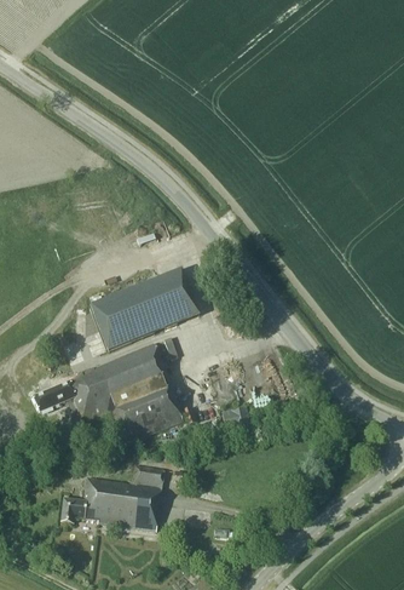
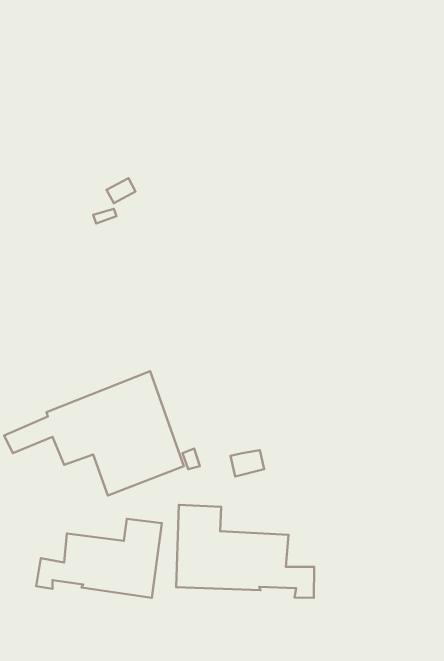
building: [88,268,197,348] -> none
building: none -> [176,505,314,598]

